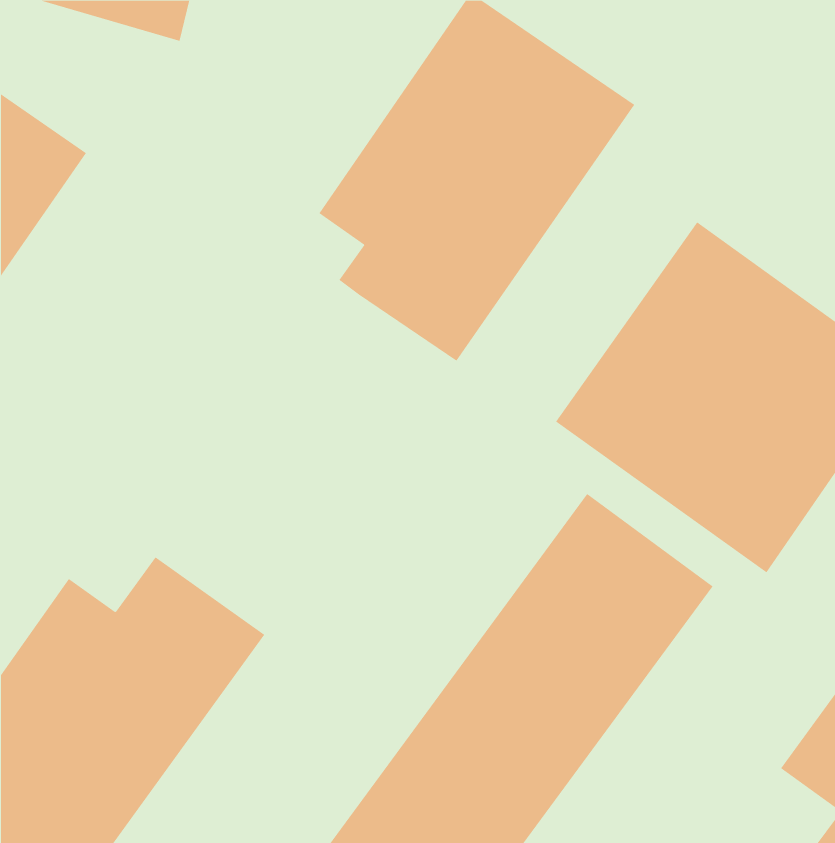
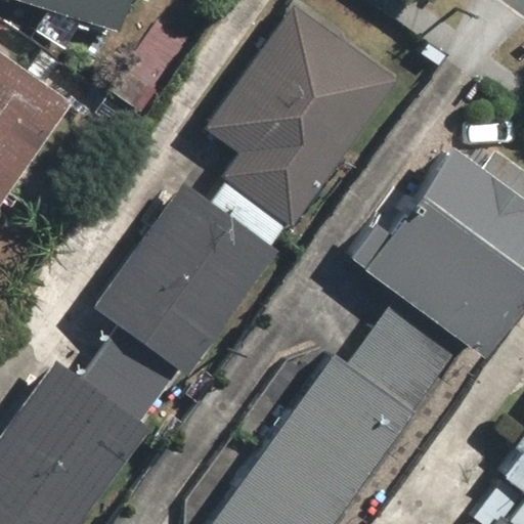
building: none -> [92,178,291,375]

